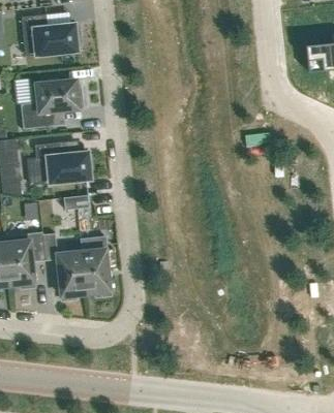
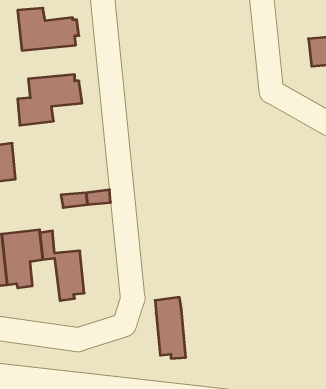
building: [28,142,94,185] -> none
building: [81,236,111,296] -> [155,297,186,358]

